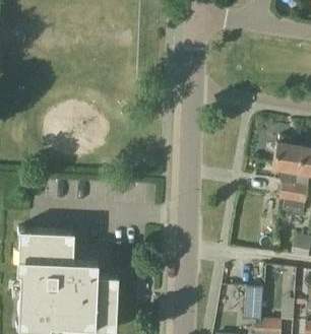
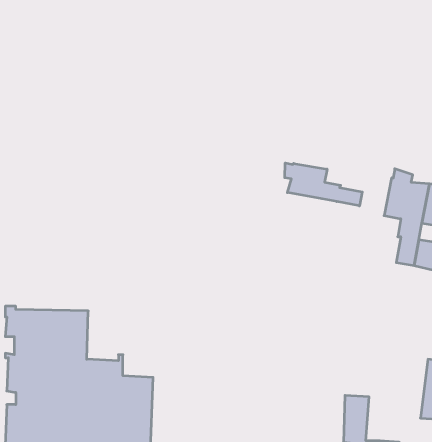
building: none -> [285,163,362,206]

